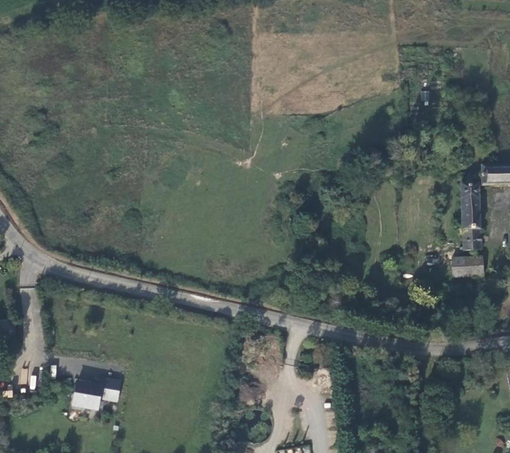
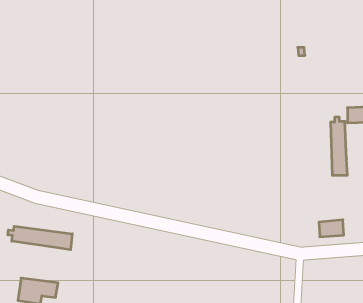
building: [452,256,483,277] -> [319,220,344,237]
building: none -> [8,226,72,250]

